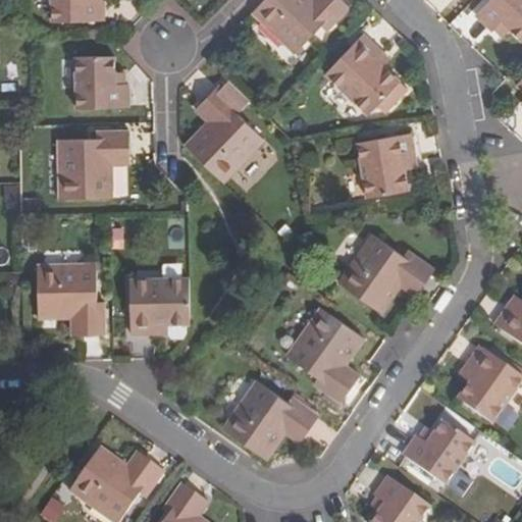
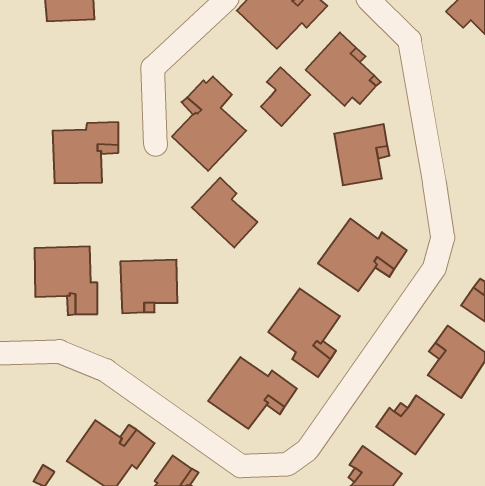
building: [73,56,125,108] -> none
building: none -> [261,67,310,126]
building: none -> [192,178,257,248]

